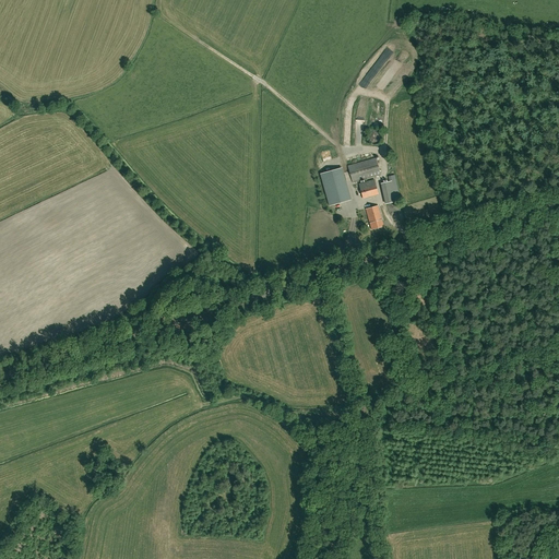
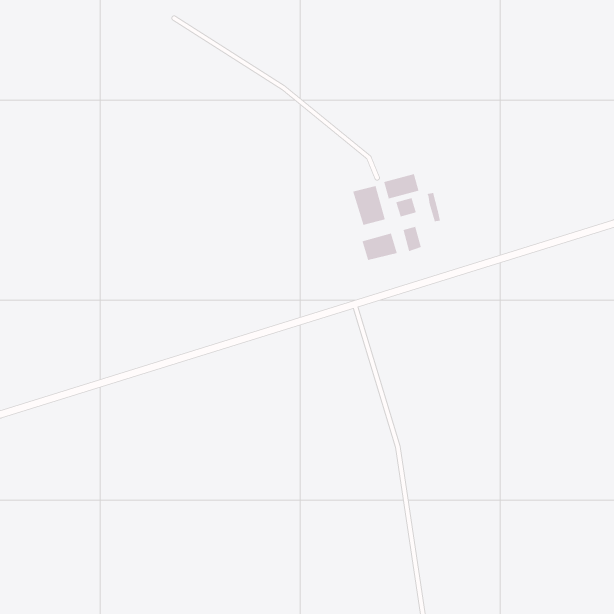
building: none -> [362,233,398,261]

